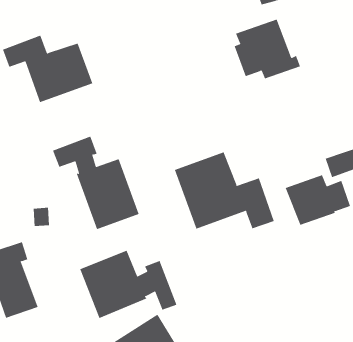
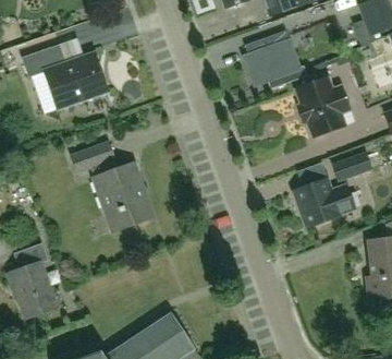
building: none -> [297,76,351,135]
building: [174,151,274,229] -> none
building: [80,250,177,319] -> none

